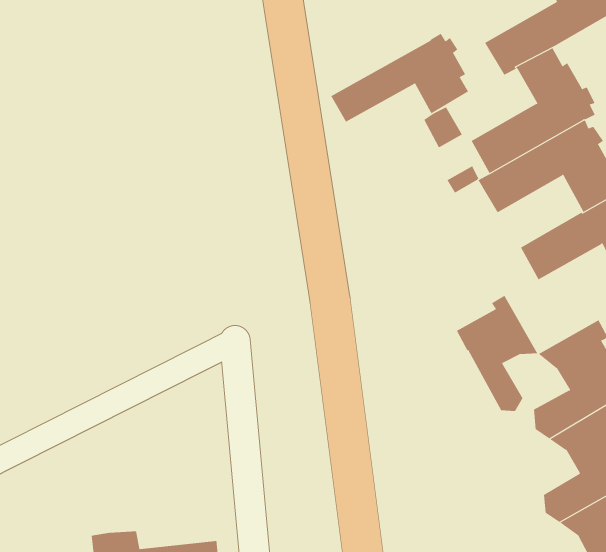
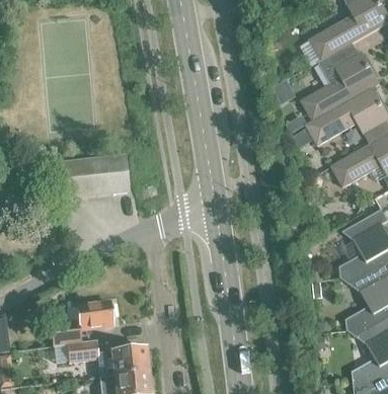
building: [331,33,469,122] -> none
building: none -> [60,154,128,198]
building: [456,295,538,412] -> none
building: none -> [50,301,113,345]

